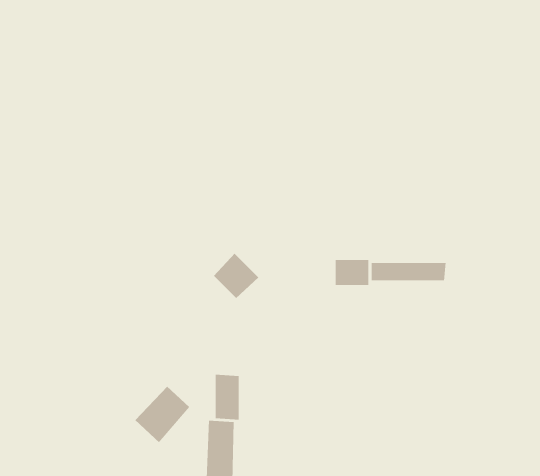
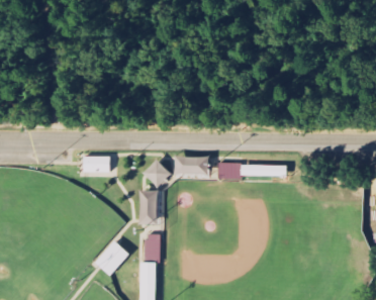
building: none -> [83,156,110,172]
building: none -> [175,156,209,175]
building: none -> [140,190,158,224]

